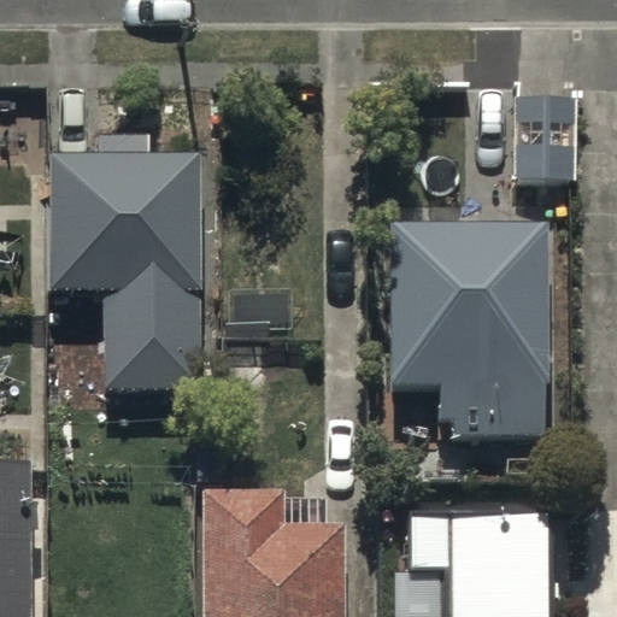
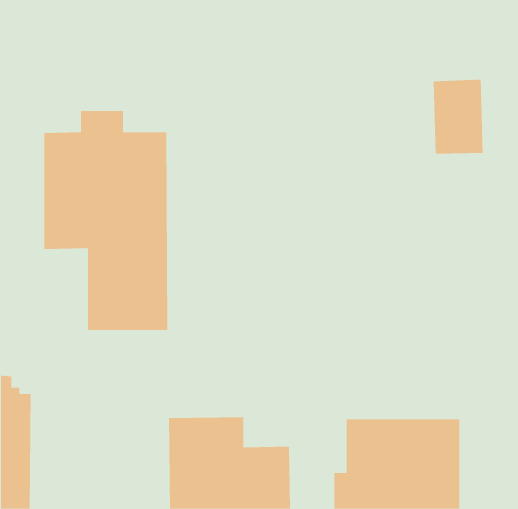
building: [393,229,546,443] -> none

